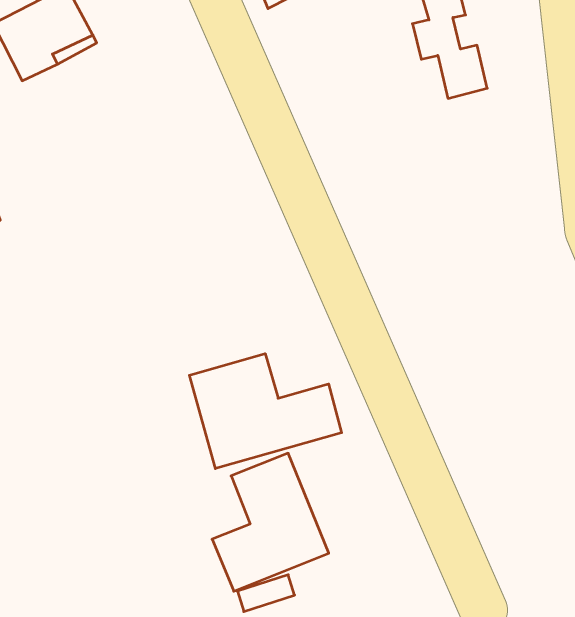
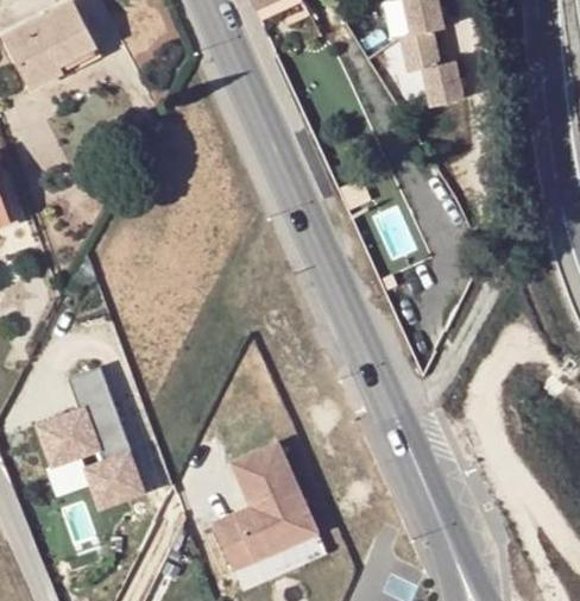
building: [189,354,342,469] -> none
building: none -> [33,365,141,508]

